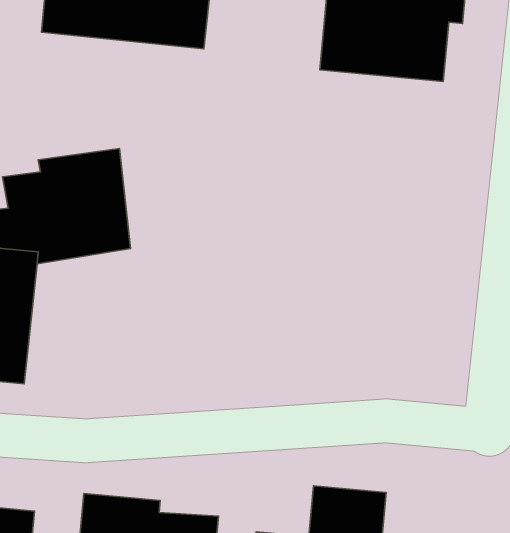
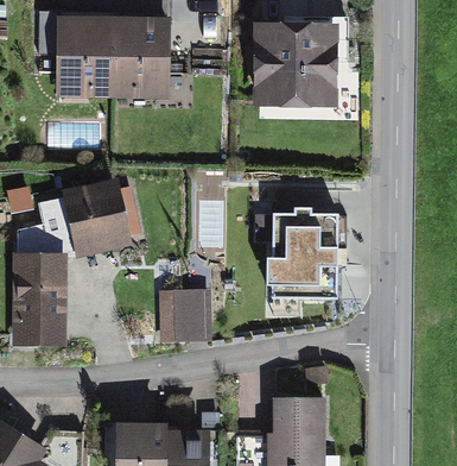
building: none -> [265,206,338,301]
building: none -> [158,290,211,344]

